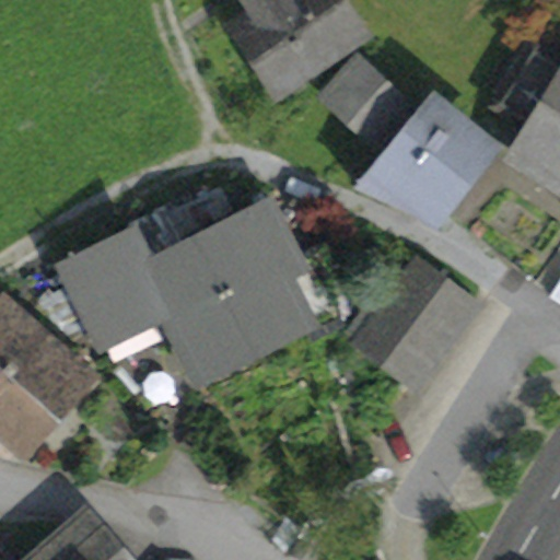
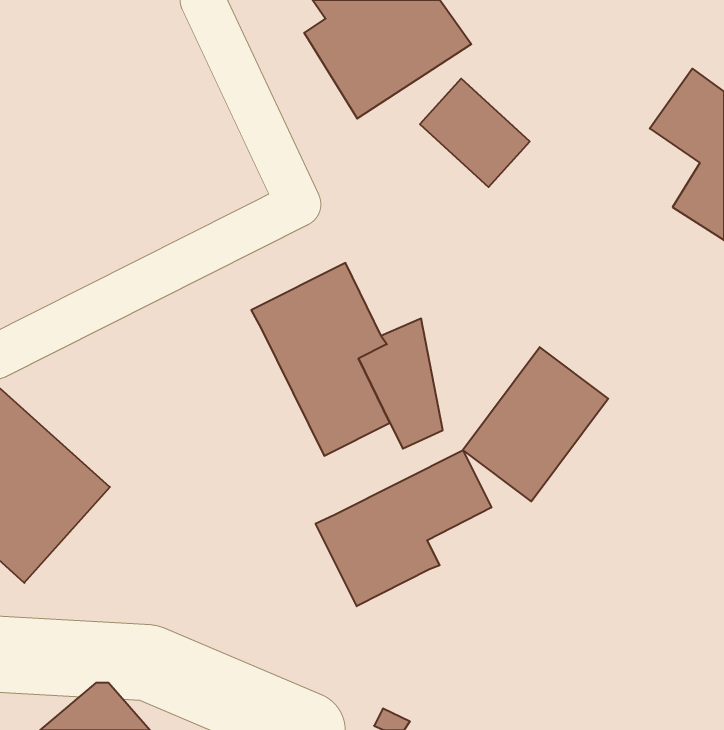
building: [353,106,482,217] -> none
building: [60,235,248,373] -> none
building: none -> [316,450,491,606]

